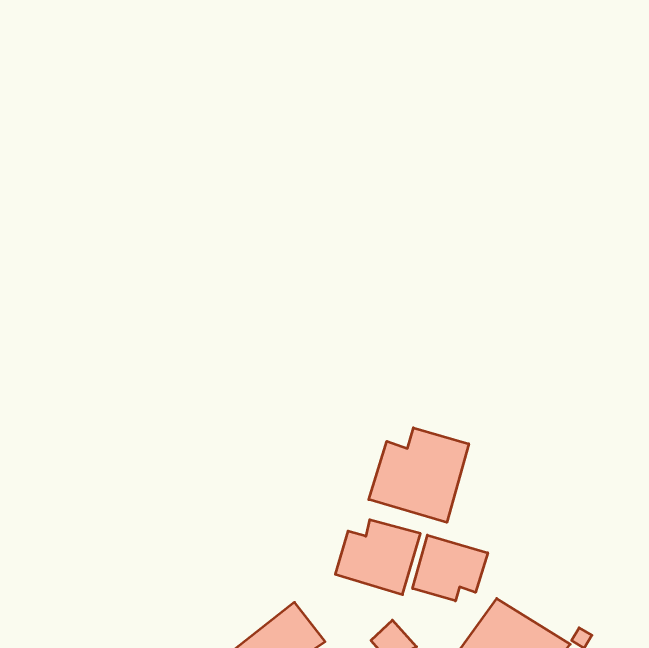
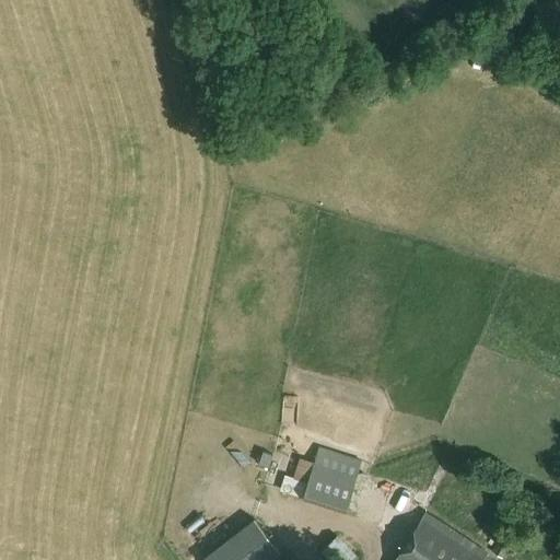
building: [369,428,469,522] -> none
building: [413,535,488,601] -> none

